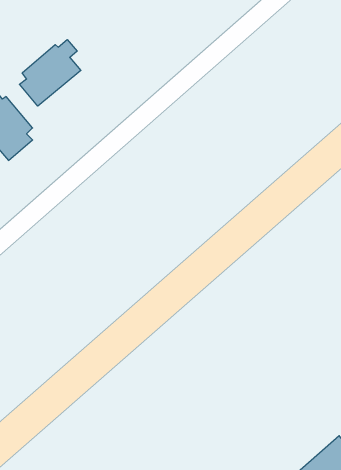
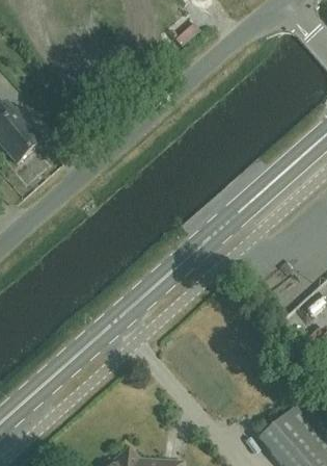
building: [19,40,81,106] -> none

